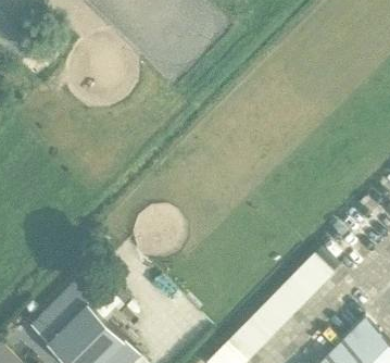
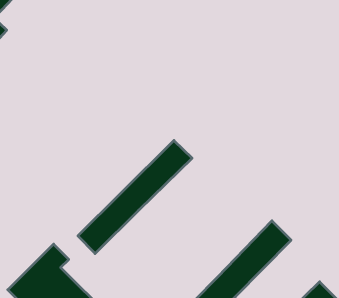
building: none -> [78,140,192,254]

